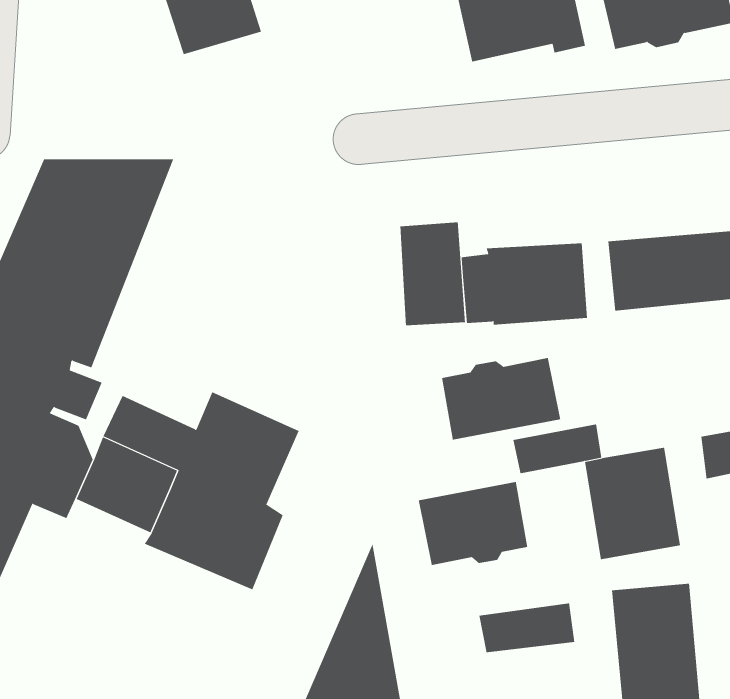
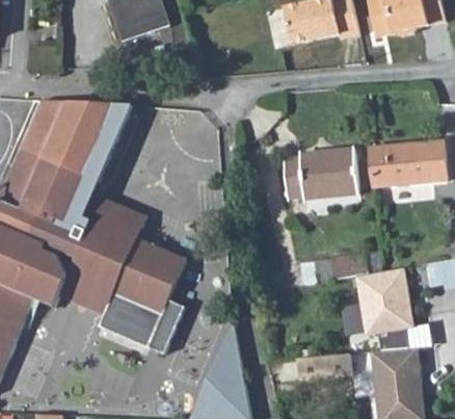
building: [400,221,465,326] -> none
building: none -> [87,195,149,257]
building: [441,357,561,441] -> none
building: [418,481,528,566] -> none

